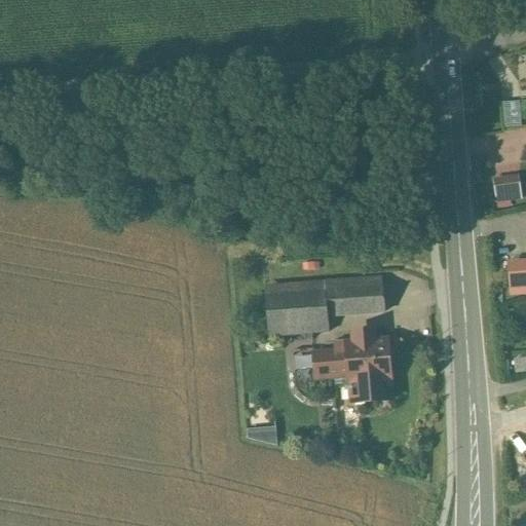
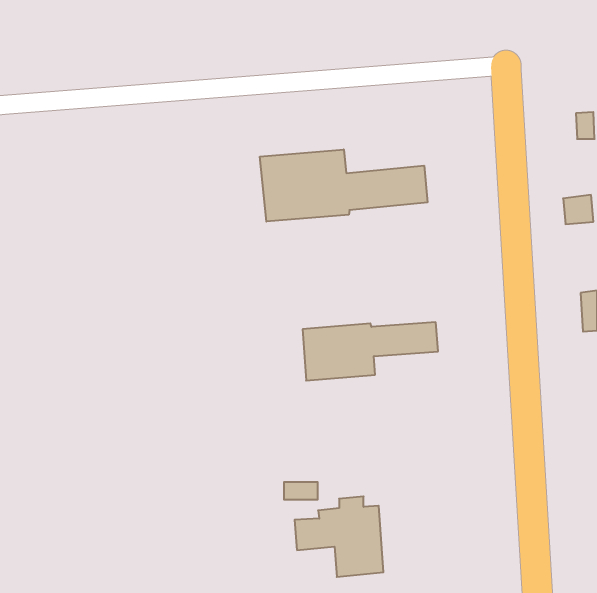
building: none -> [260,149,427,222]
building: [314,330,392,401] -> [295,496,383,577]

